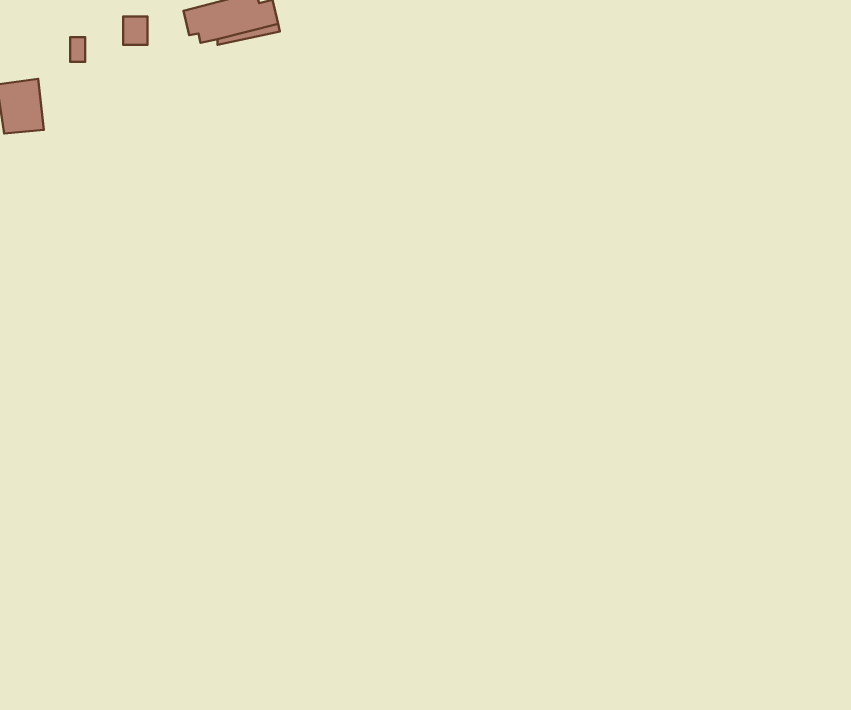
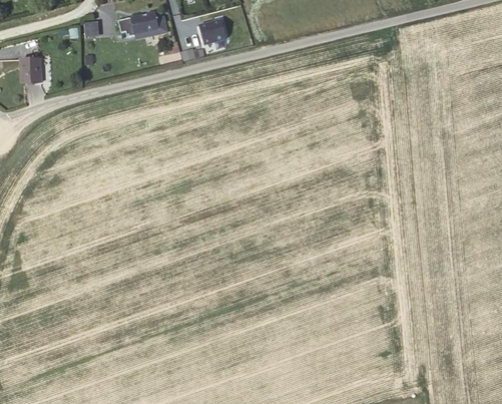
building: none -> [200,19,227,44]

